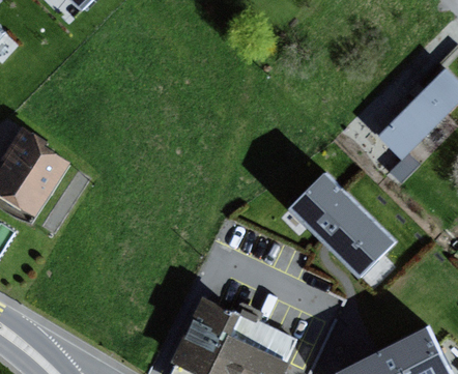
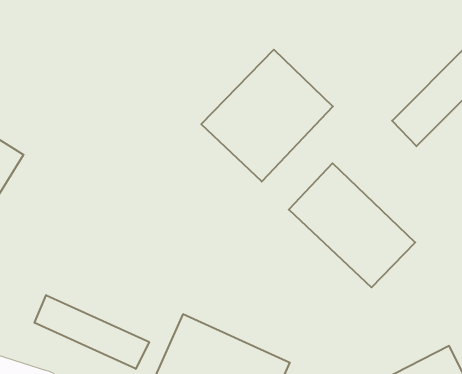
building: none -> [201,50,333,182]
building: none -> [35,295,149,369]

